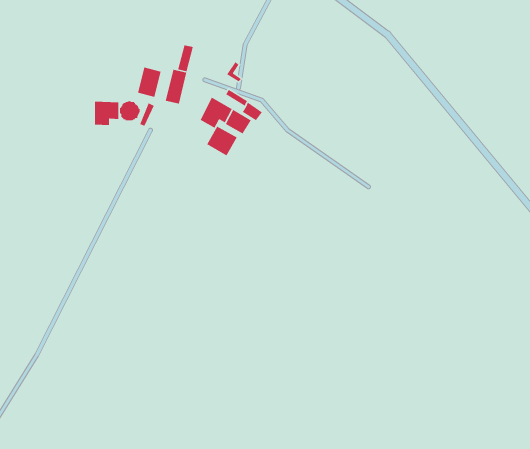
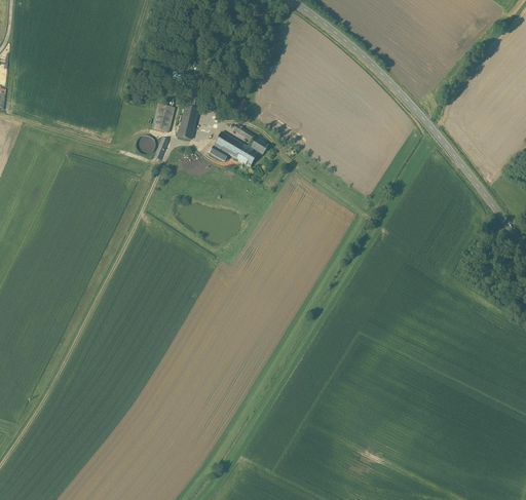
building: [94,101,119,126] -> none
building: [206,125,238,156] -> none

